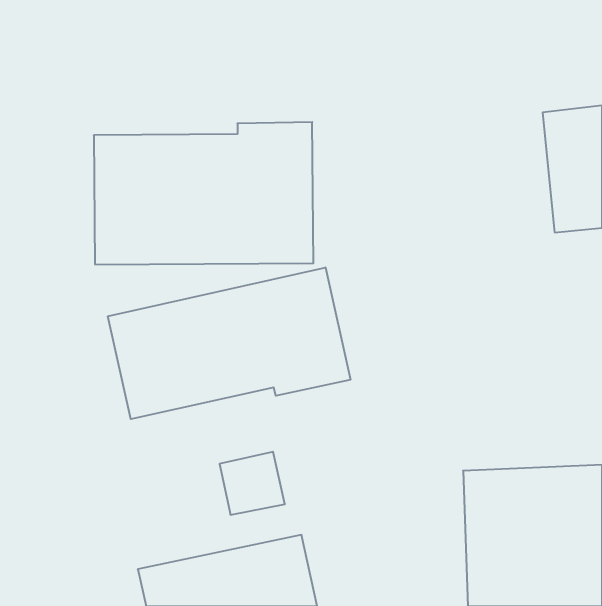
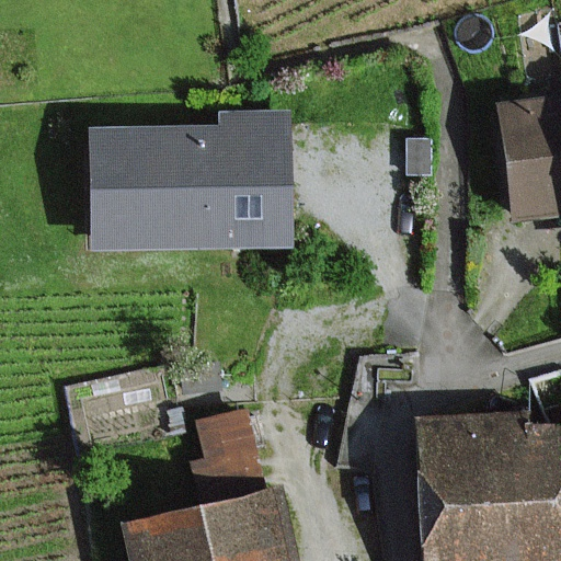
building: [108,267,350,419] -> none

